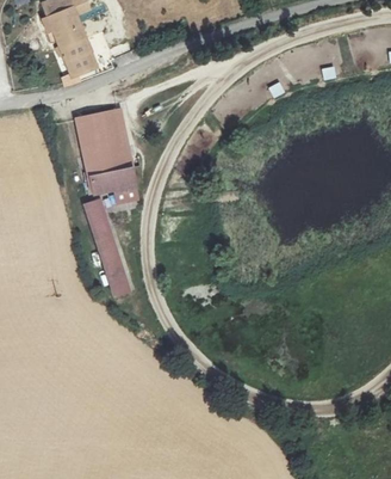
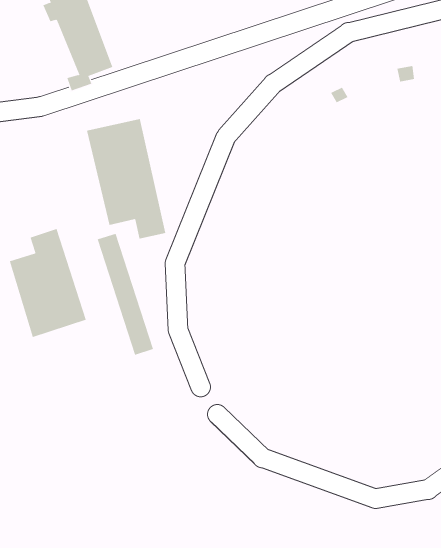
building: none -> [9,228,87,338]

